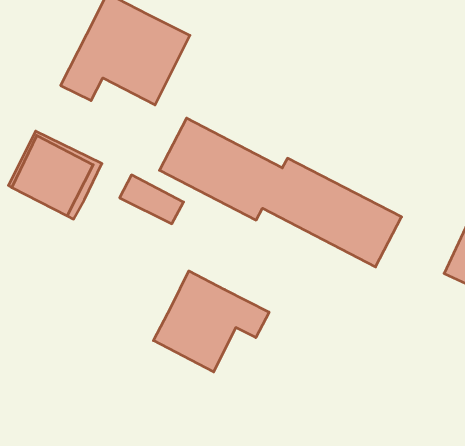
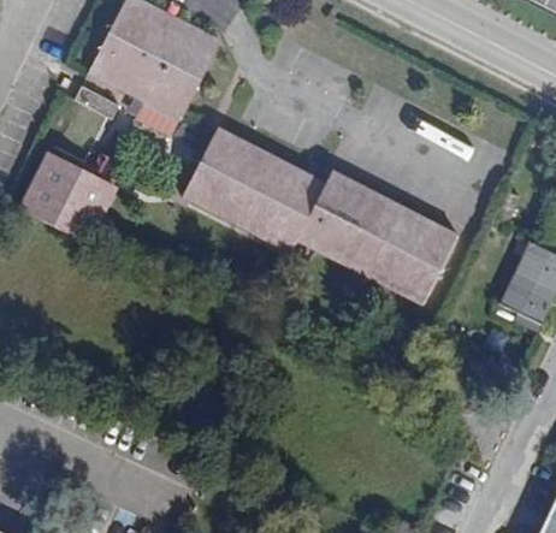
building: [120,175,184,224] -> [111,88,182,142]
building: [153,271,269,372] -> none

